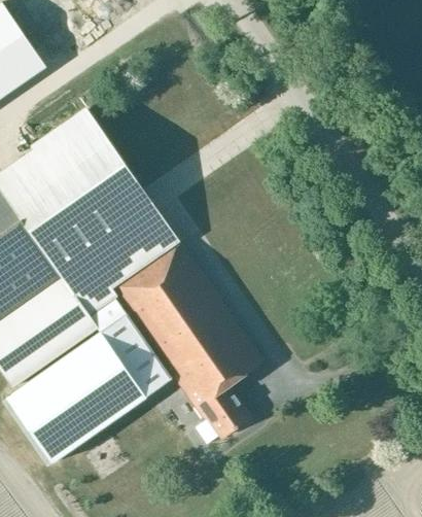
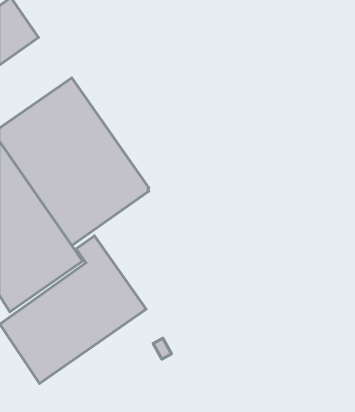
building: [112,241,261,436] -> none

